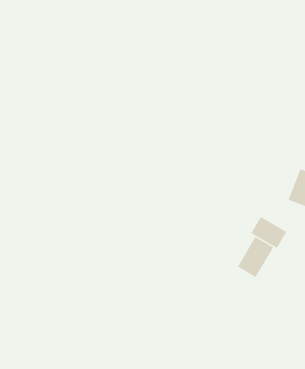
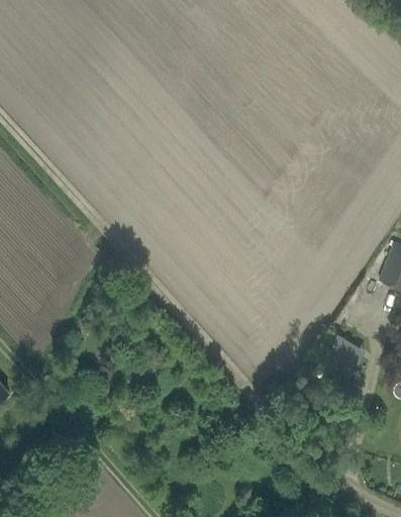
building: [251,216,287,249] -> none

